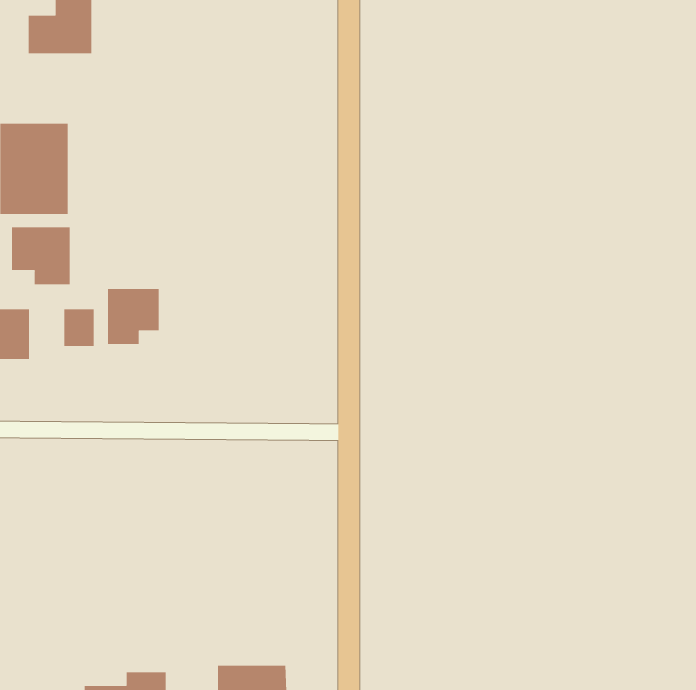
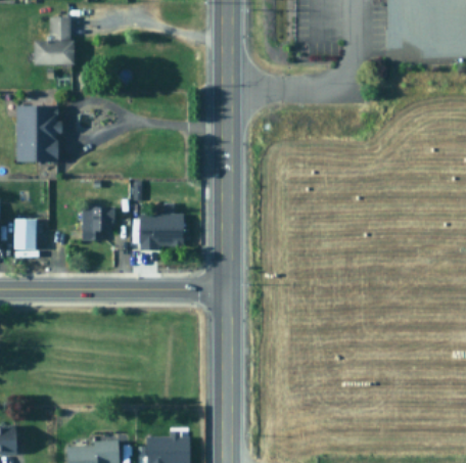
building: [11,227,70,285] -> none
building: none -> [140,202,183,249]
building: [64,309,94,347] -> none

